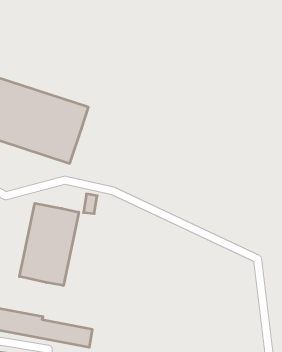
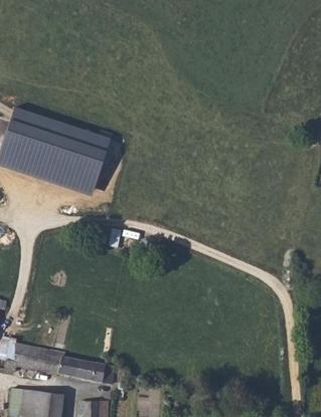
building: [19,203,79,286] -> none

